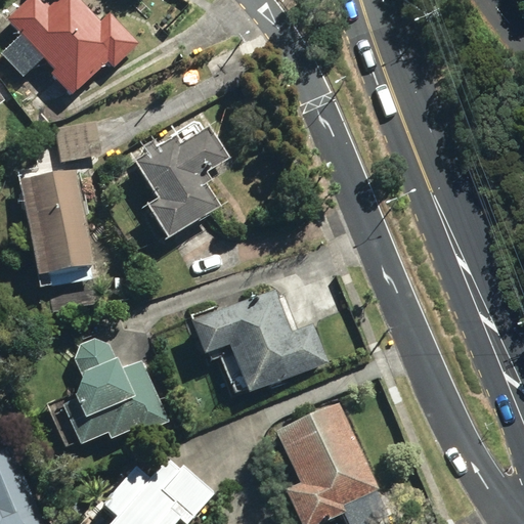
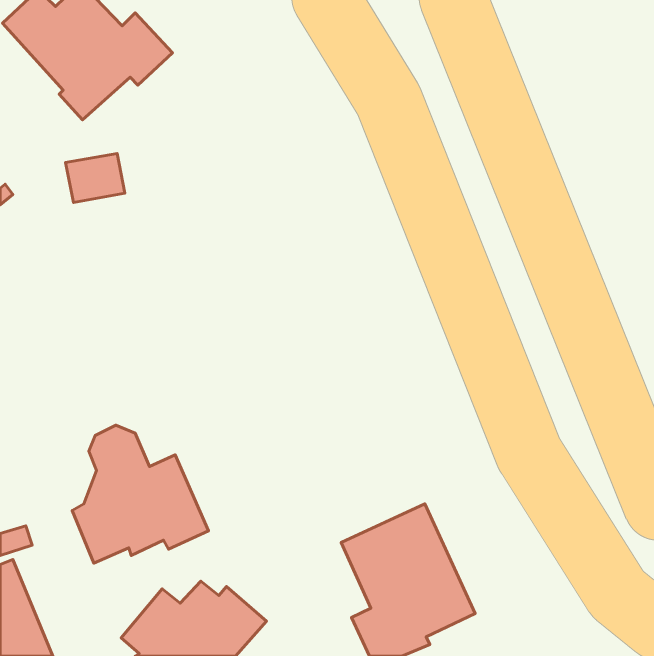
building: [133,126,229,241] -> none
building: [20,169,92,275] -> none
building: [189,289,330,394] -> none

